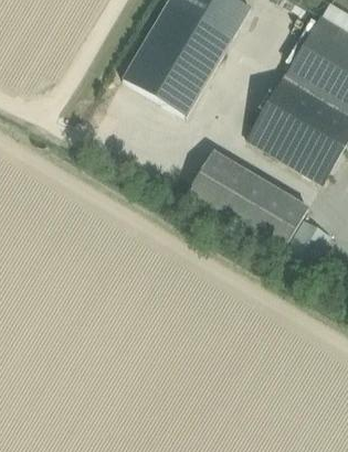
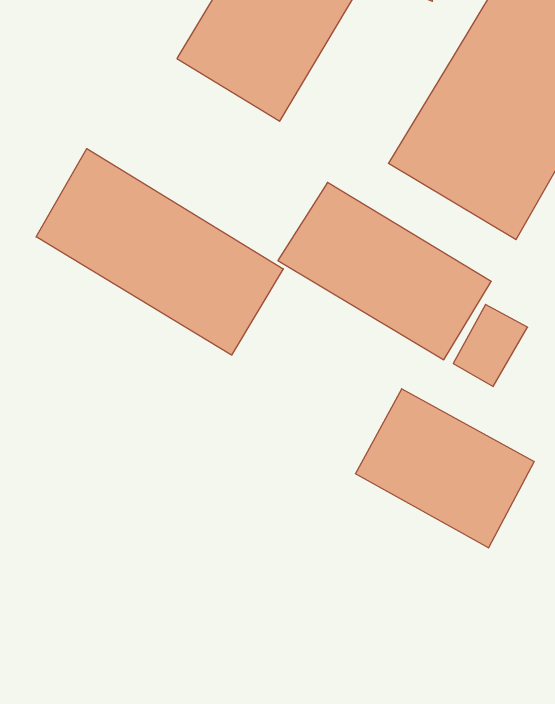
building: none -> [36,149,283,355]
building: none -> [355,389,534,548]

